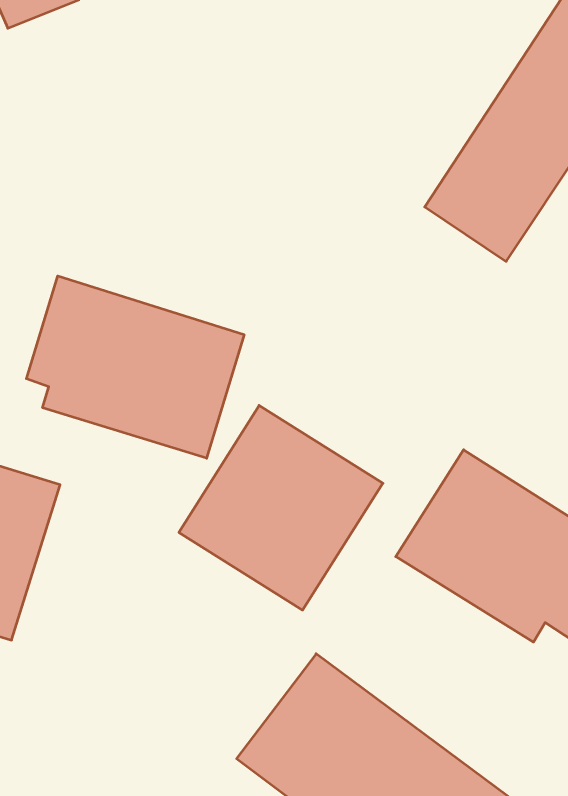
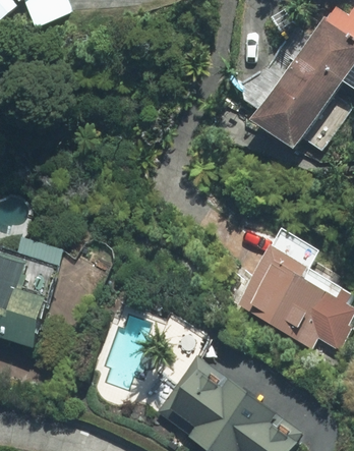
building: [26,276,244,458] -> none
building: [179,405,383,610] -> none

